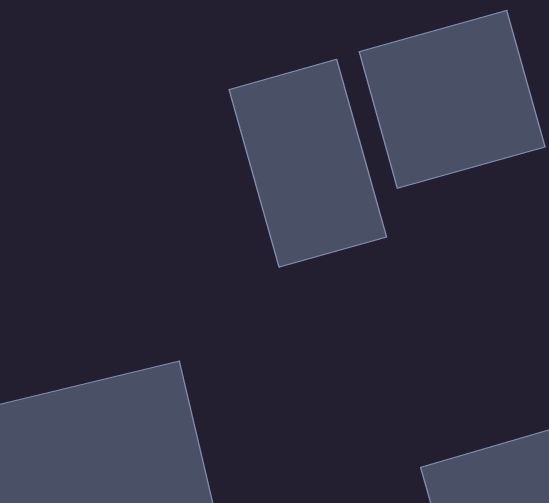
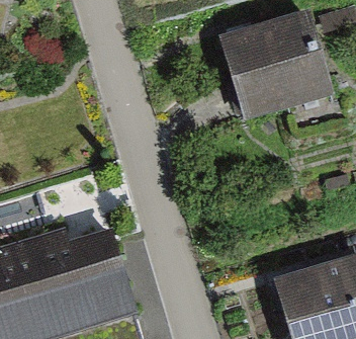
building: [229,59,386,267] -> none

